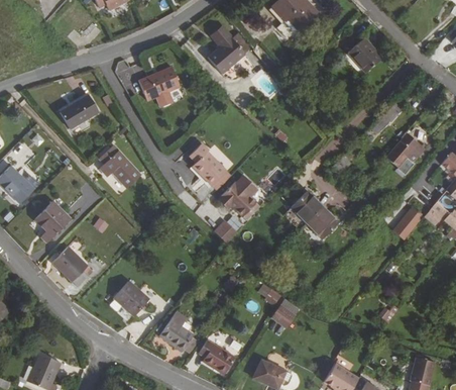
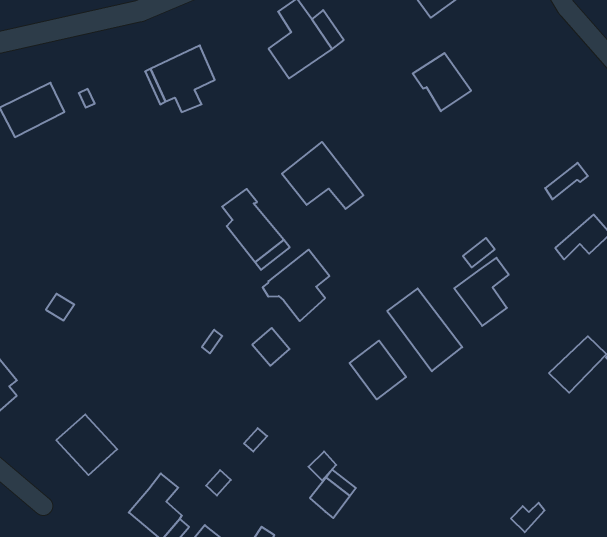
building: [349,36,384,71] -> [413,53,471,111]
building: none -> [282,142,363,209]
building: [99,151,140,191] -> none
building: none -> [454,258,509,326]
building: none -> [350,341,406,399]

